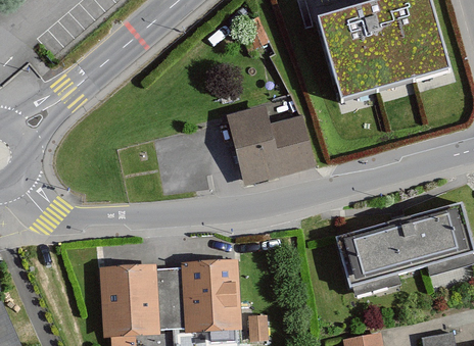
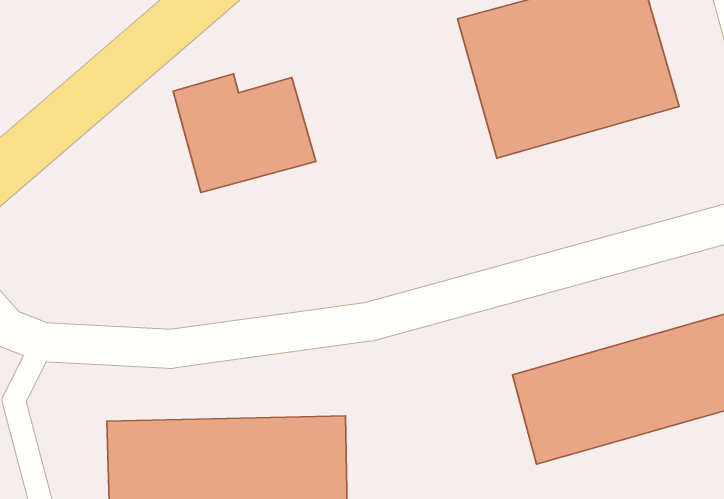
building: [230,107,315,178] -> [173,74,316,193]

